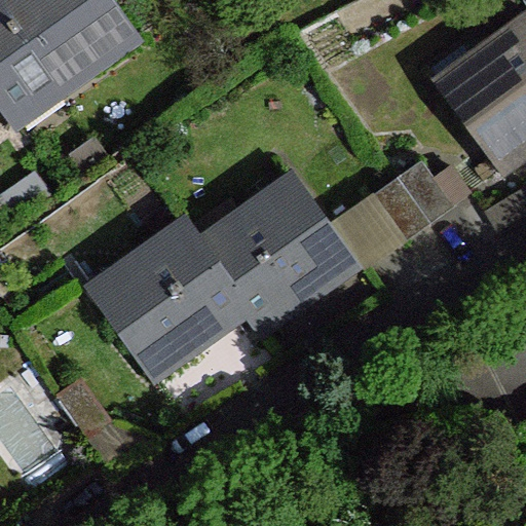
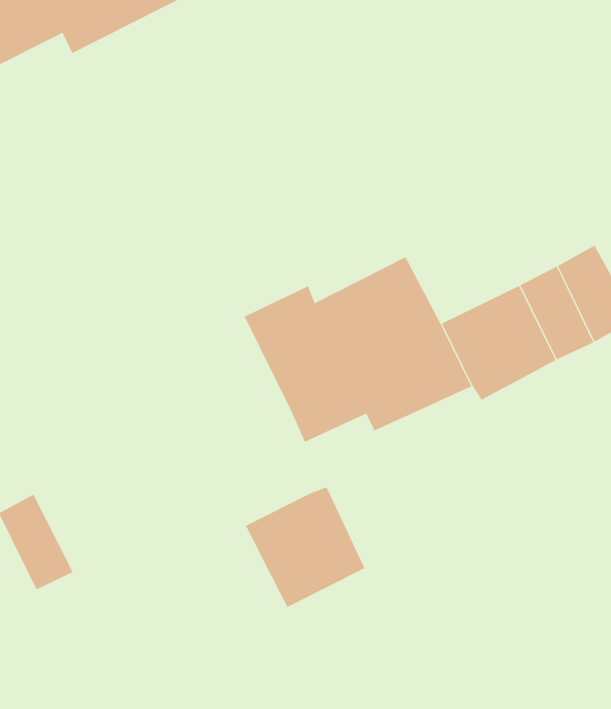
building: [102,223,238,375] -> none
building: none -> [245,487,365,608]

